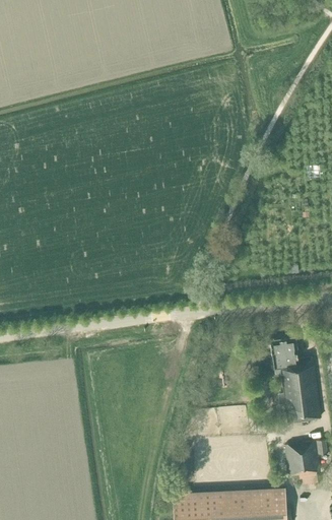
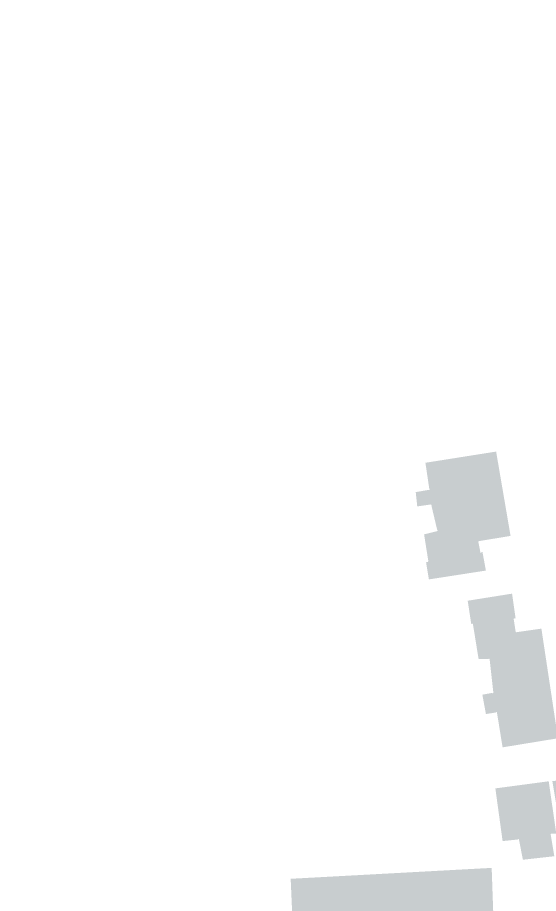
building: none -> [415,451,511,580]

